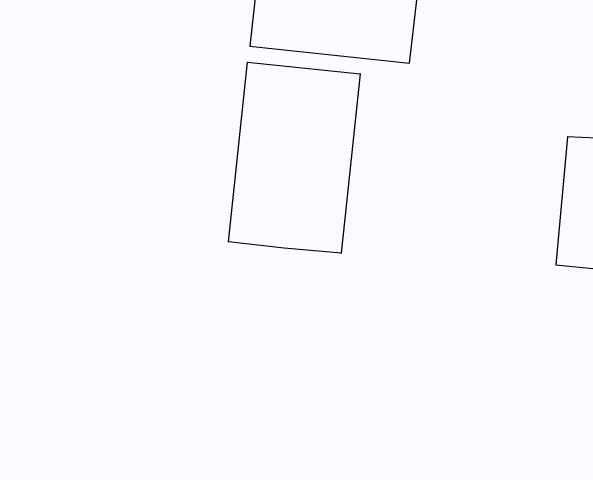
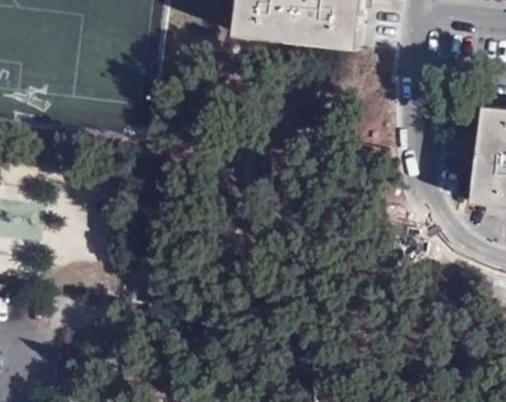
building: [228,62,360,253] -> none

